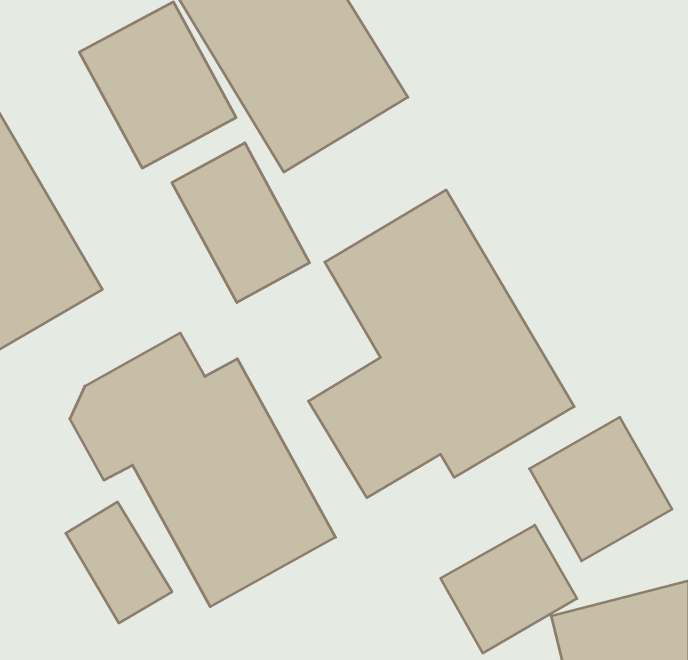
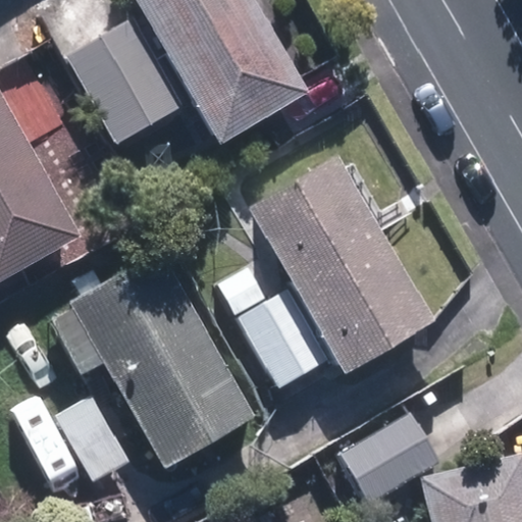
building: [172,143,310,303] -> none
building: [529,417,672,561] -> none

